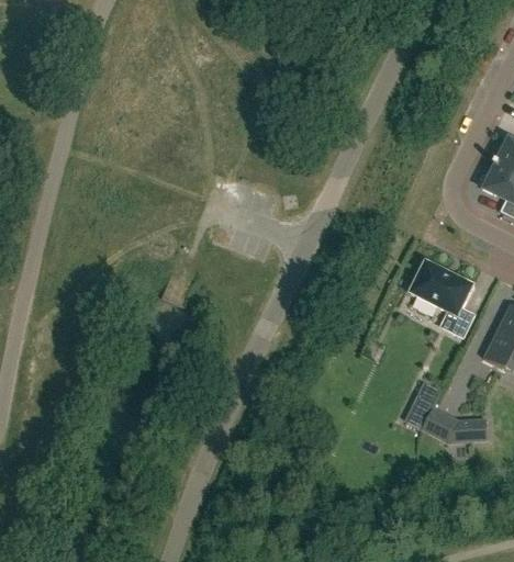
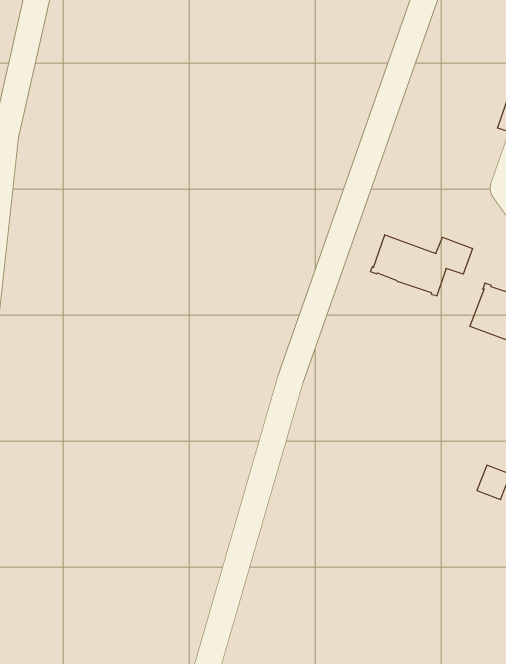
building: none -> [370,235,473,296]

